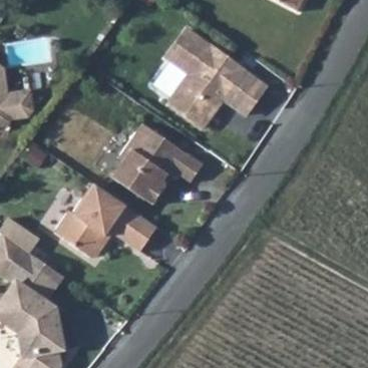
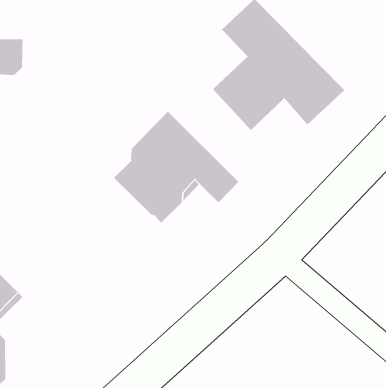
building: [53,183,156,257] -> none

